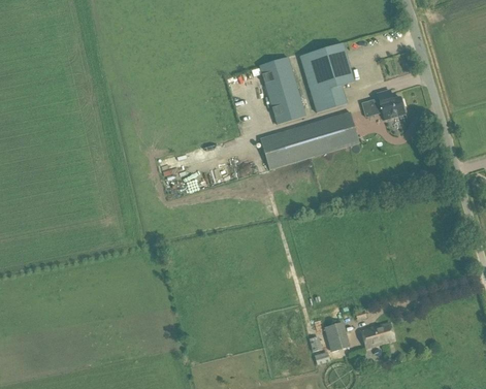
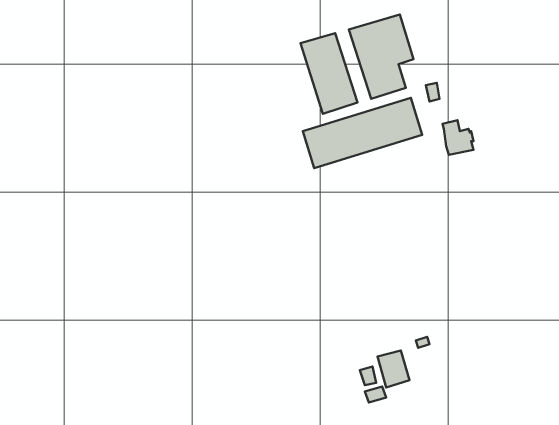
building: [379,90,404,119] -> [443,120,474,155]
building: [360,322,393,348] -> none

